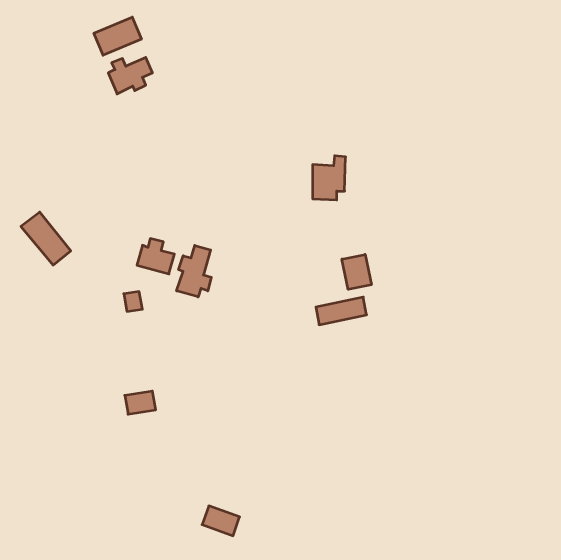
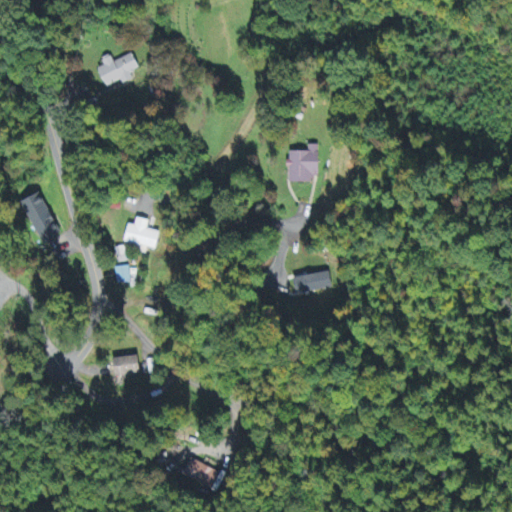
building: [94,17,141,55] -> none
building: [177,245,211,297] -> none
building: [342,254,371,289] -> none

